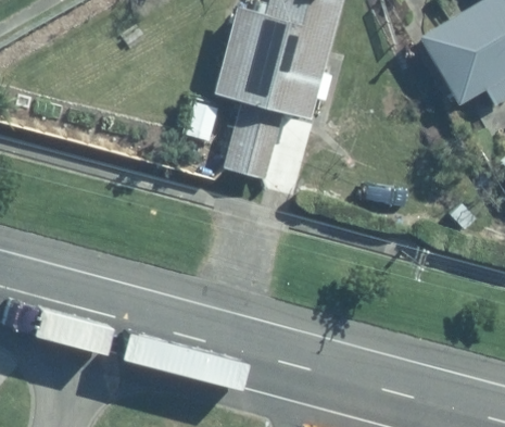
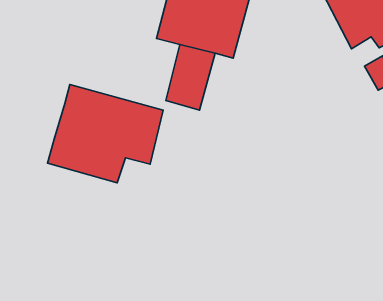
building: none -> [47,85,163,183]

